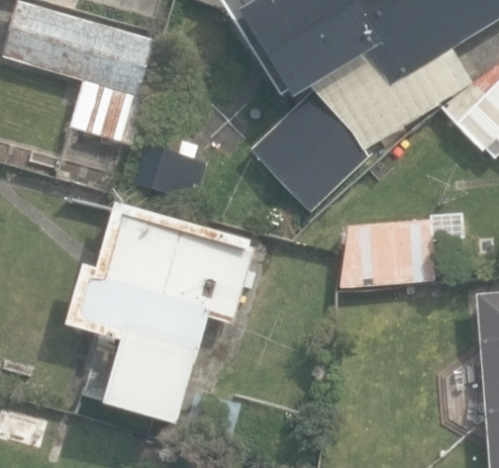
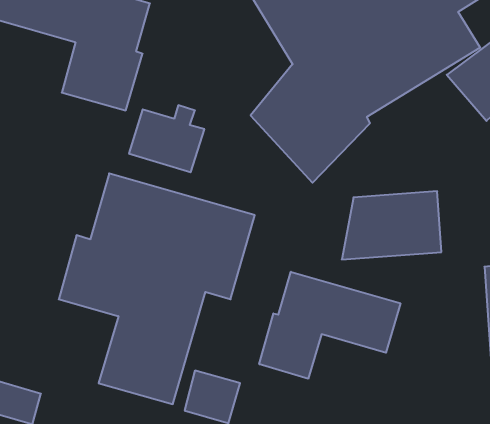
building: none -> [259,272,400,379]

